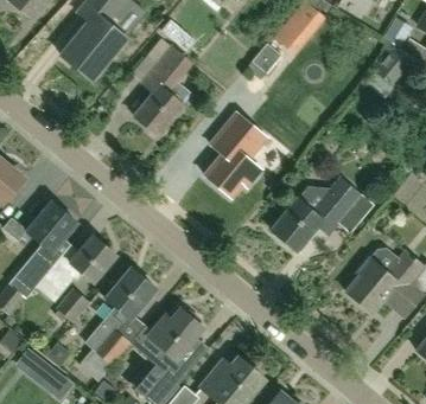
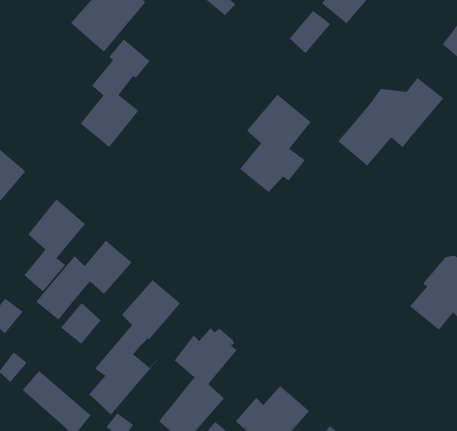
building: [134,45,193,136] -> [80,39,151,148]
building: [272,177,361,251] -> [338,77,444,167]

